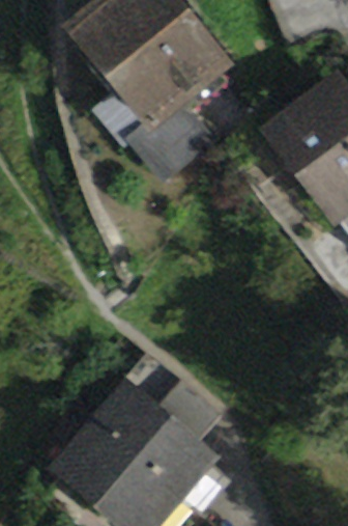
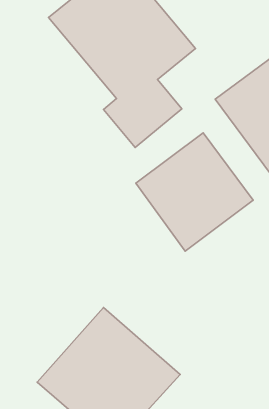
building: none -> [136,133,253,251]

